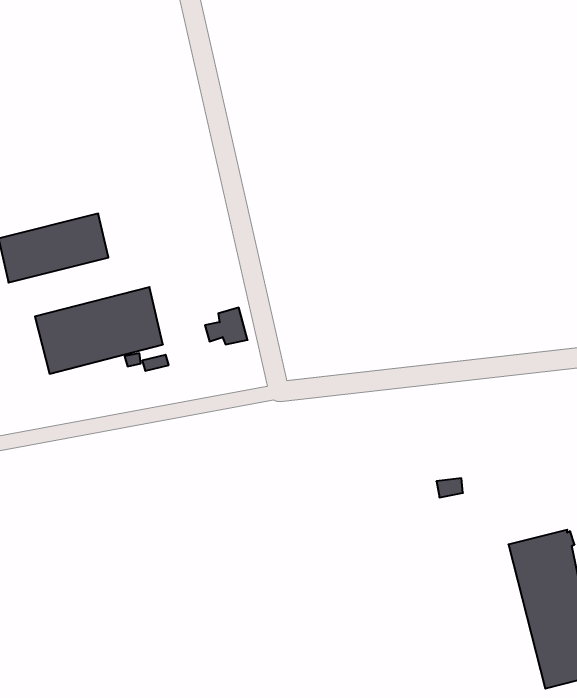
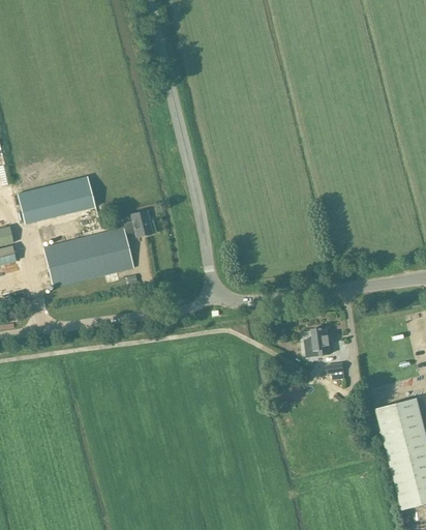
building: [205,308,248,344] -> [123,210,153,236]
building: none -> [312,327,331,355]

